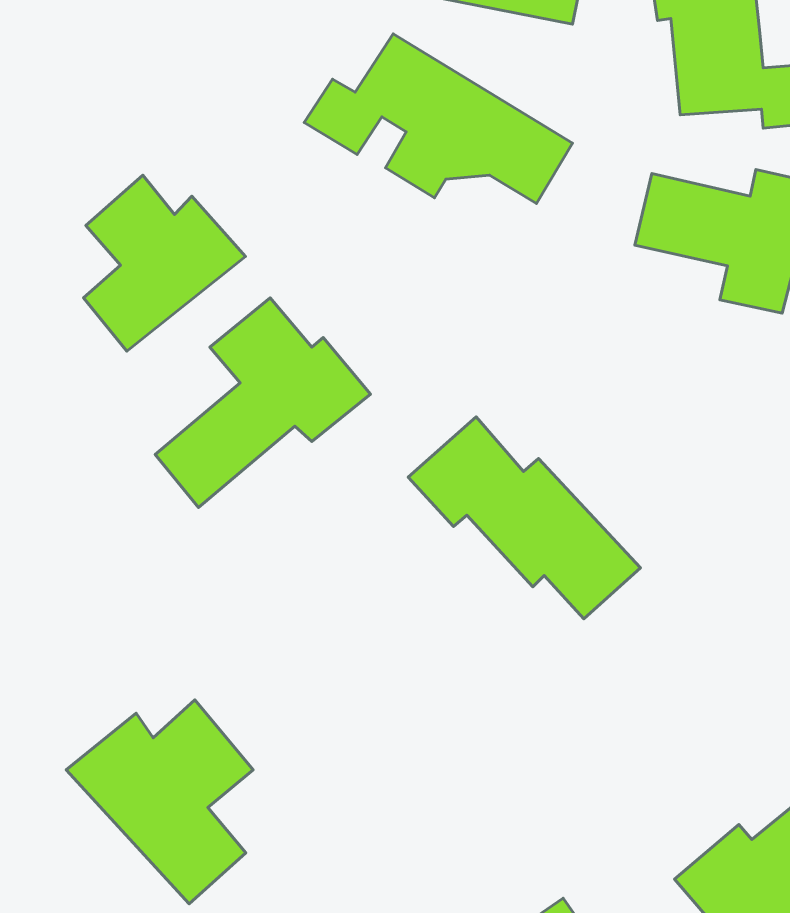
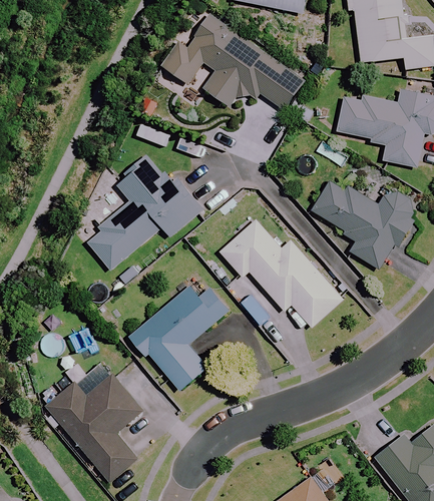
building: [84,175,246,351] -> none
building: none -> [316,179,418,269]
building: none -> [129,282,222,391]

